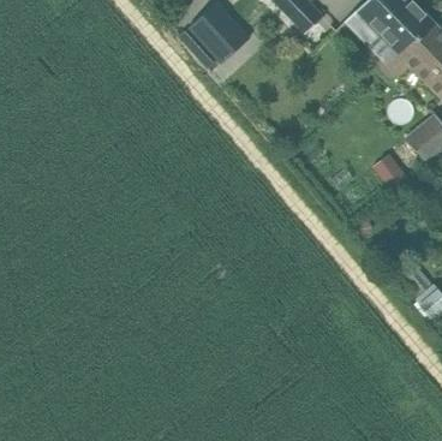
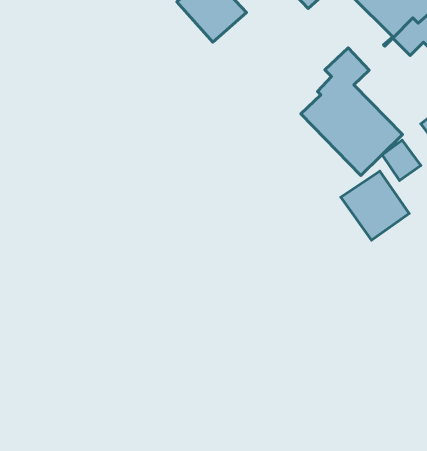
building: none -> [301,48,403,176]
building: none -> [341,171,409,240]

